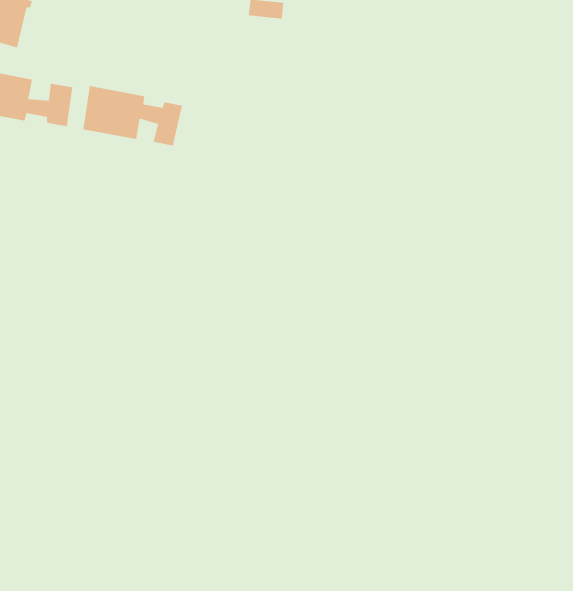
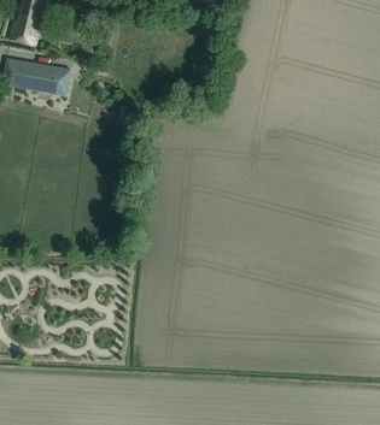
building: [82,85,183,147] -> none

